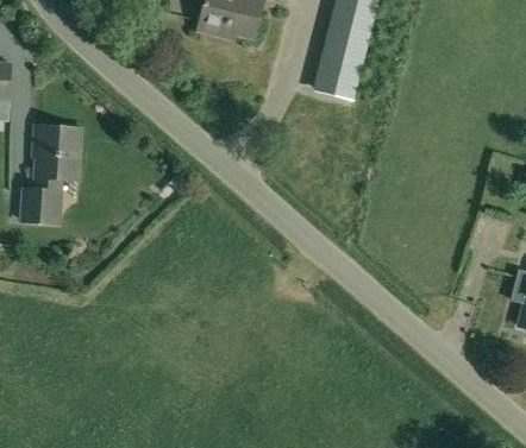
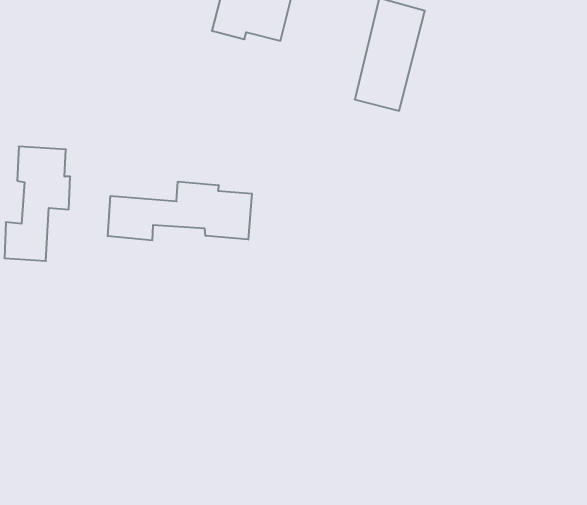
building: none -> [108,182,252,240]

